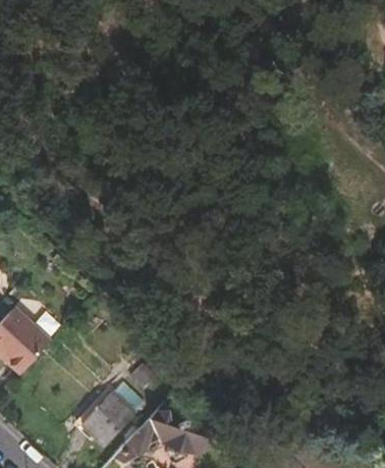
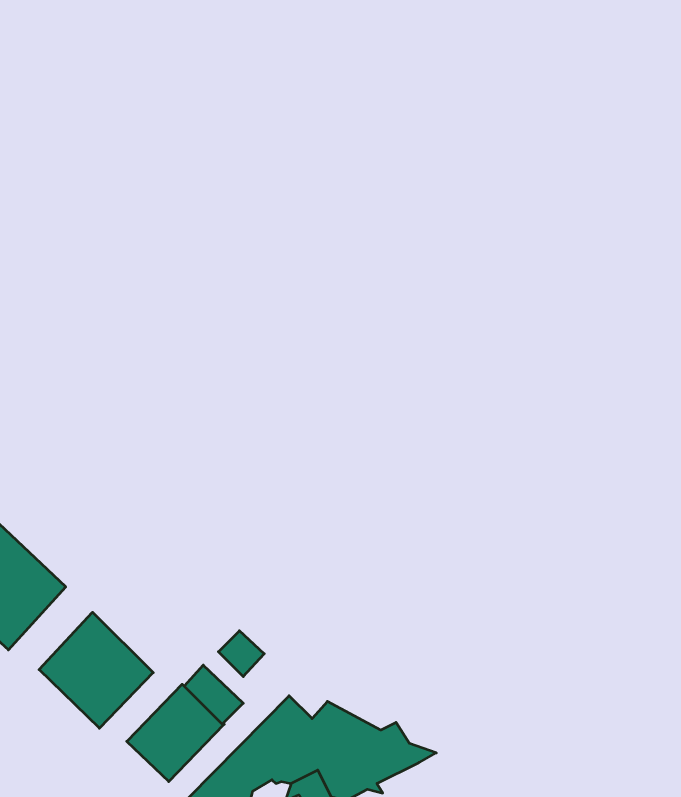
building: none -> [39,612,153,728]

